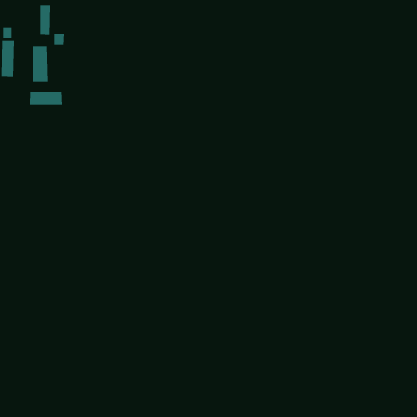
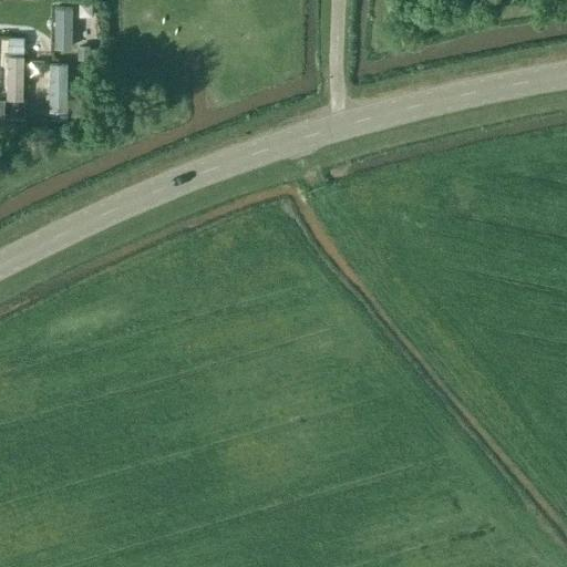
building: [30,91,62,106] -> none

